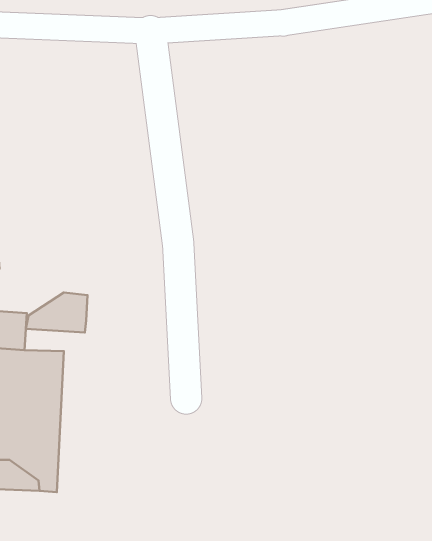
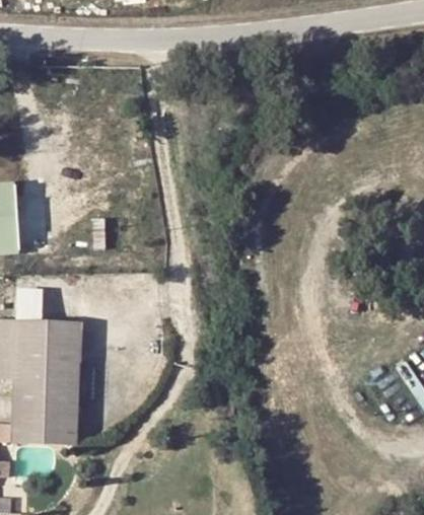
building: [26,292,87,332] -> none

